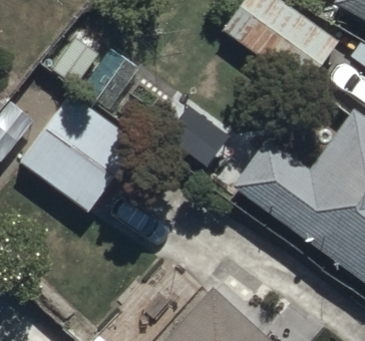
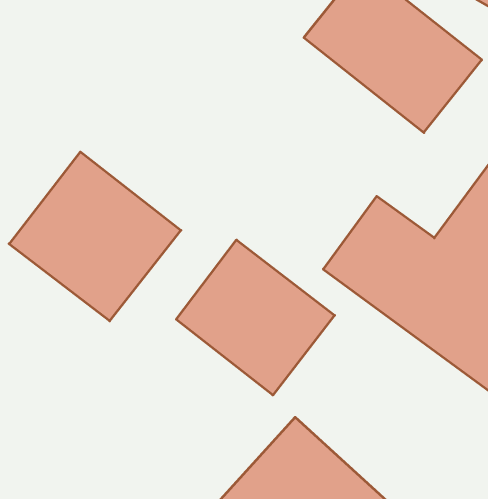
building: none -> [176,240,335,395]

